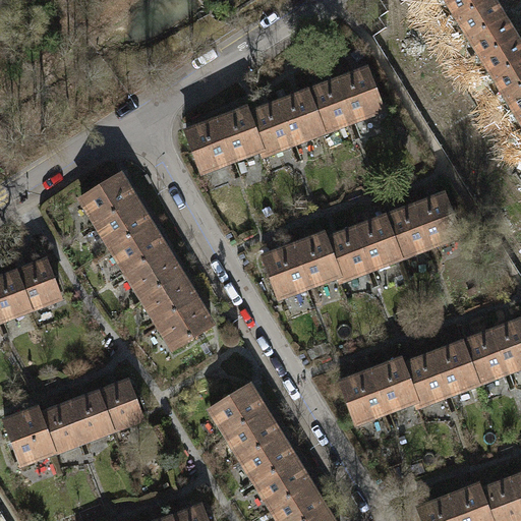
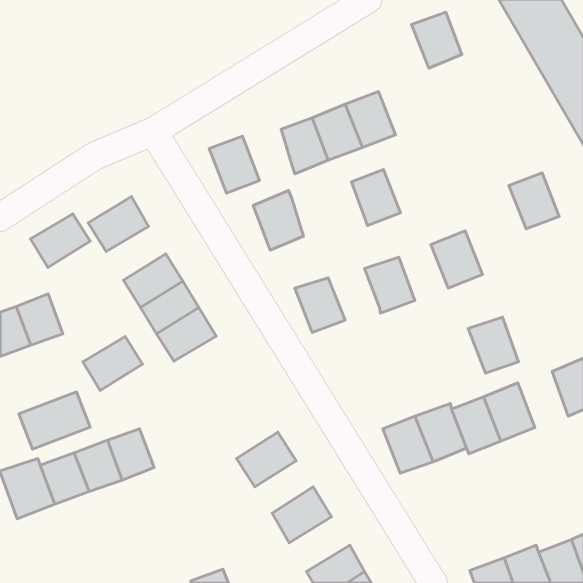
building: [338,70,383,120] -> [412,12,462,68]
building: [217,108,262,161] -> [253,191,303,250]
building: [415,194,460,244] -> [509,173,559,229]
building: [96,201,149,249] -> [31,214,90,268]
building: [356,218,400,268] -> [351,169,401,225]
building: [293,234,339,285] -> none
building: [156,299,209,347] -> [83,337,142,390]
building: [462,331,507,381] -> [468,317,519,373]
building: none -> [19,392,90,449]
building: [228,410,280,457] -> none
building: [258,460,312,509] -> none

